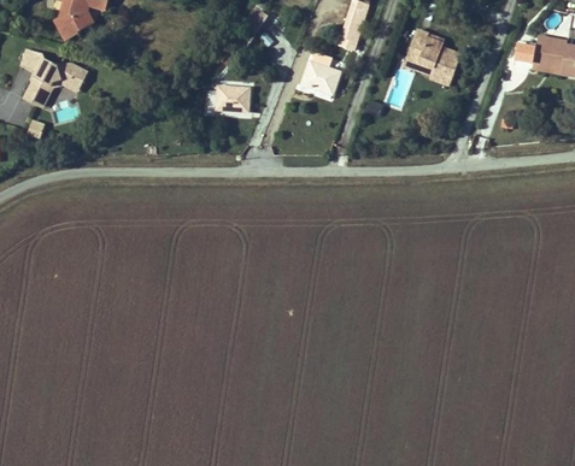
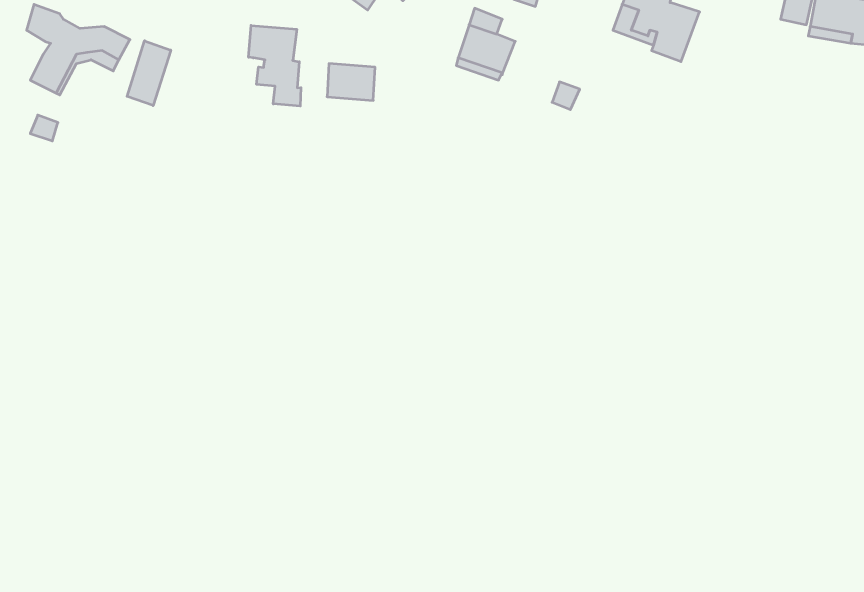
building: none -> [249,25,301,106]
building: none -> [127,41,171,106]

